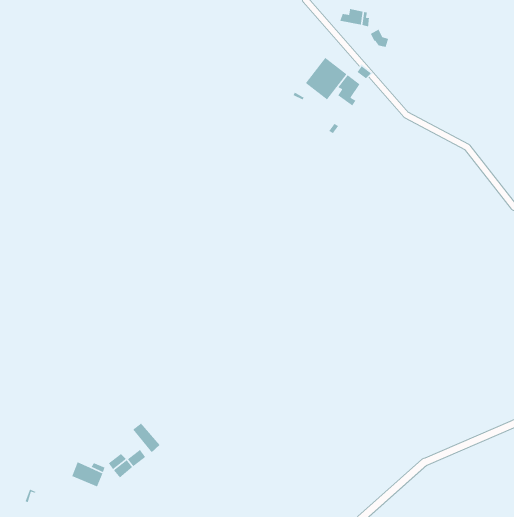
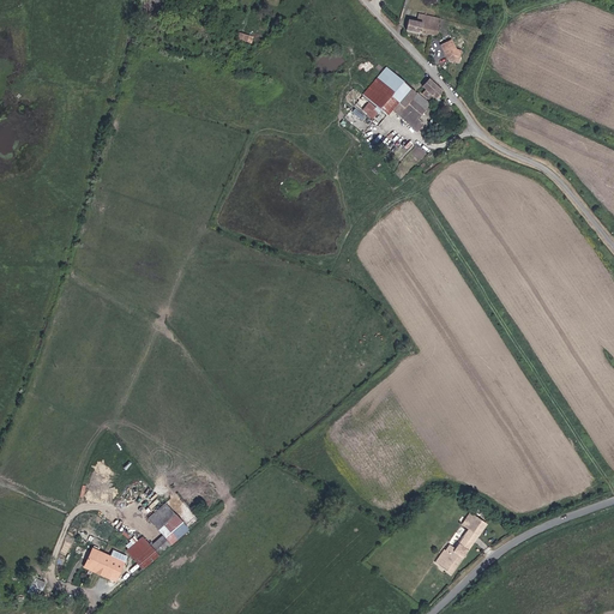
building: none -> [431,517,483,577]

